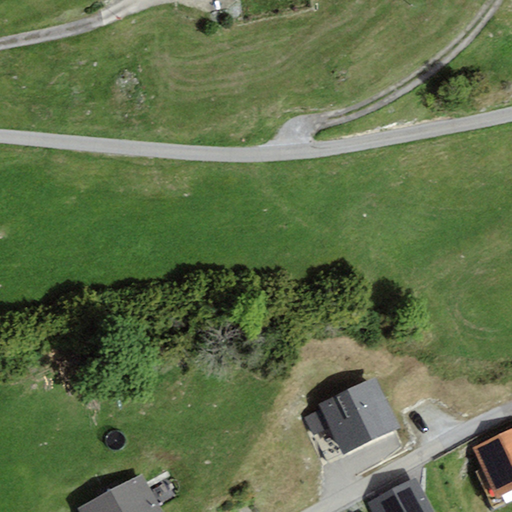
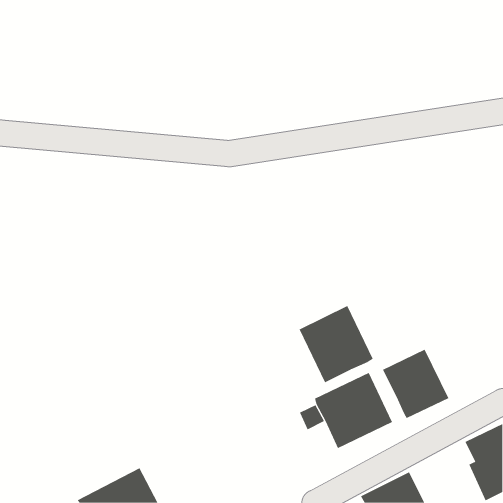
building: none -> [299,305,373,383]
building: none -> [382,349,449,419]

